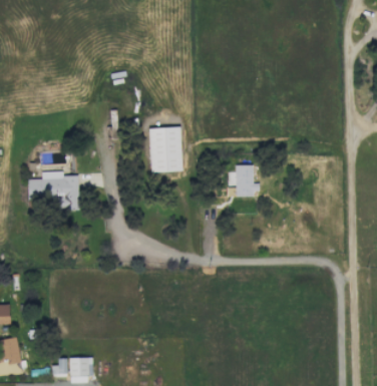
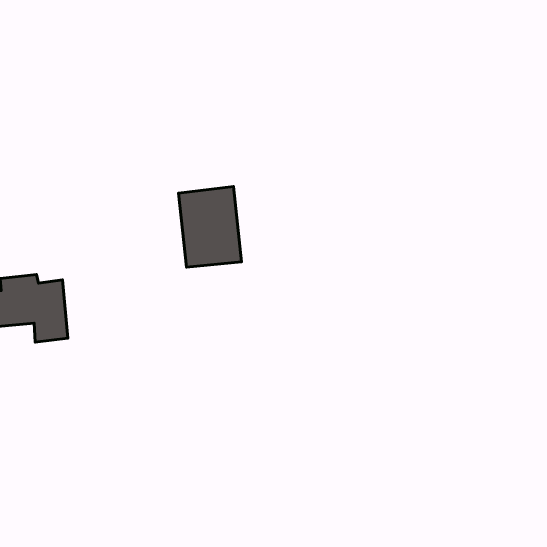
building: [228,164,260,196] -> none

